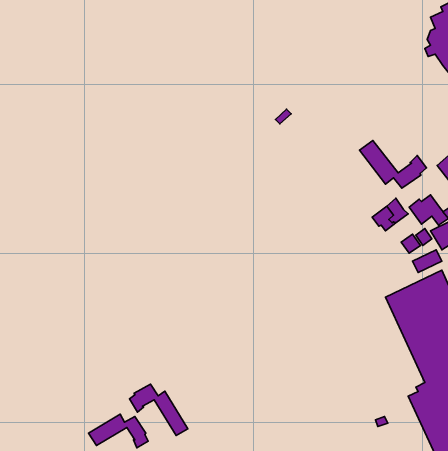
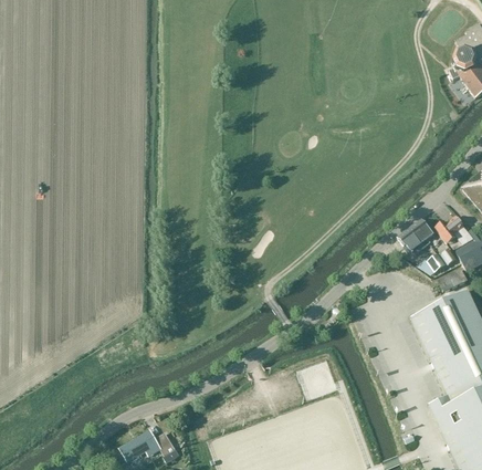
building: [359,140,426,188] -> none
building: [129,384,188,435] -> none

